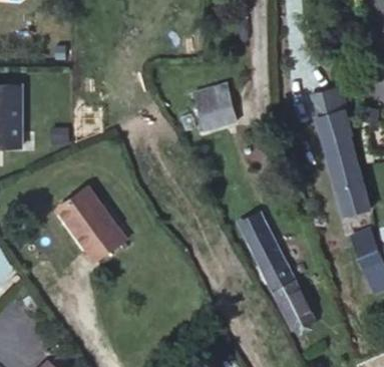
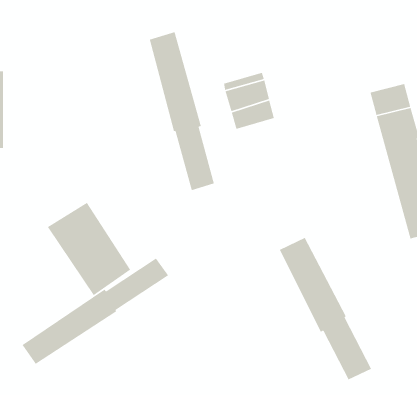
building: none -> [149,31,215,191]
building: none -> [21,257,169,365]

